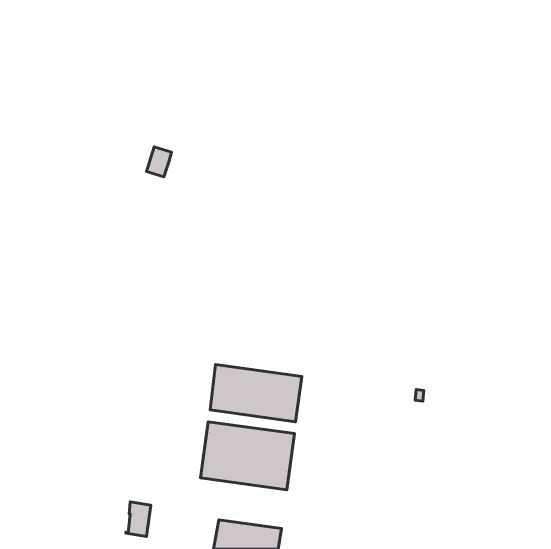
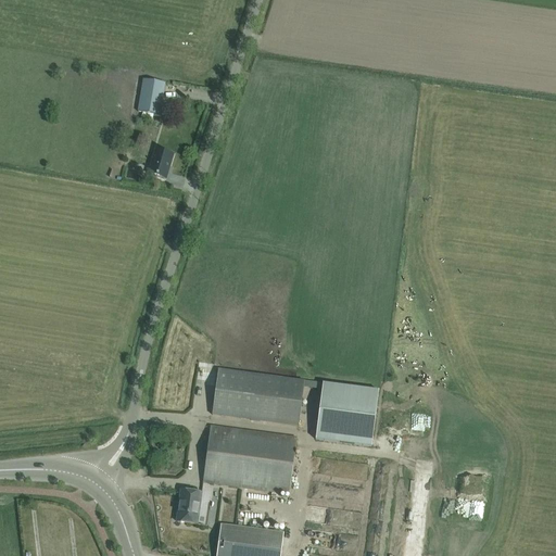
building: none -> [136,76,163,113]
building: none -> [315,382,378,445]
building: [126,502,151,536] -> [176,489,201,523]

